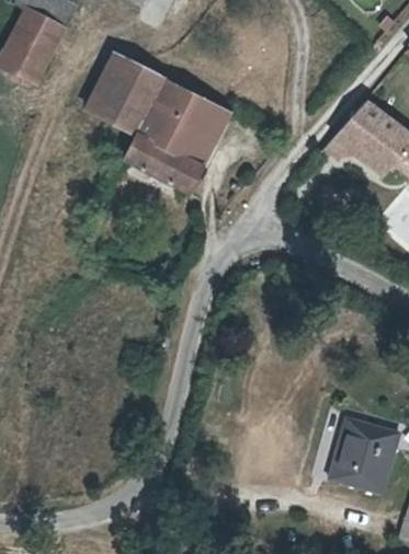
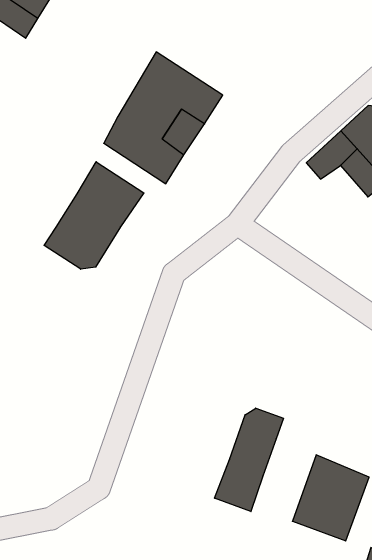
building: [88,53,164,138] -> none
building: none -> [44,162,144,269]
building: none -> [215,408,284,512]

